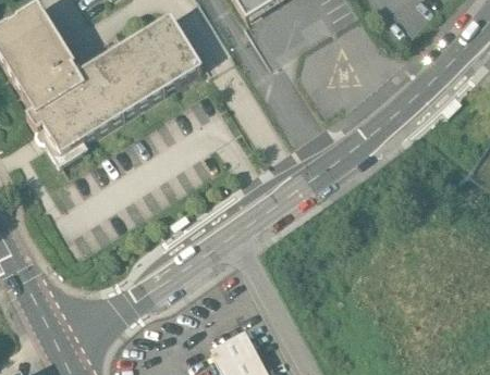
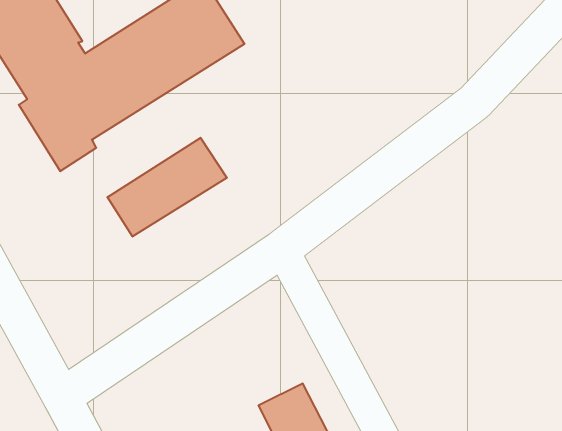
building: none -> [107,138,227,237]

